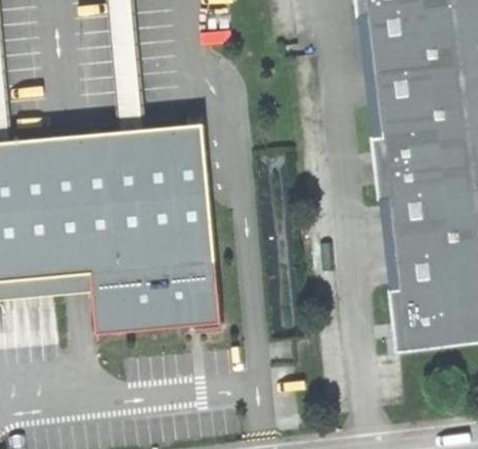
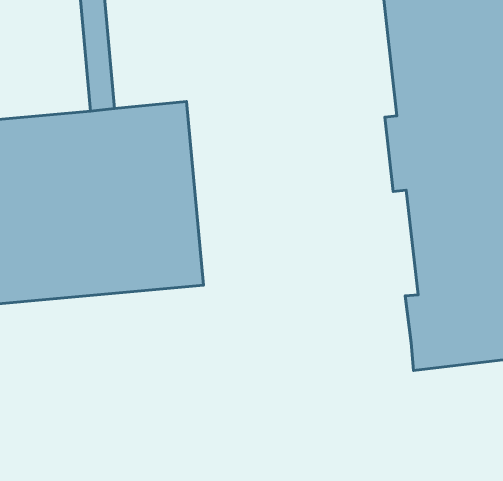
building: [93,280,222,334] -> none

